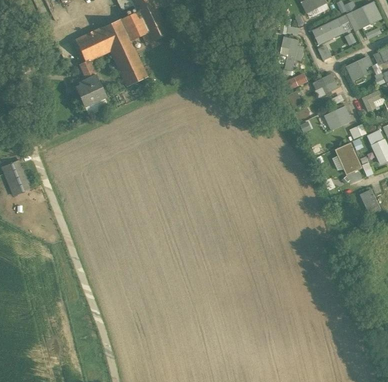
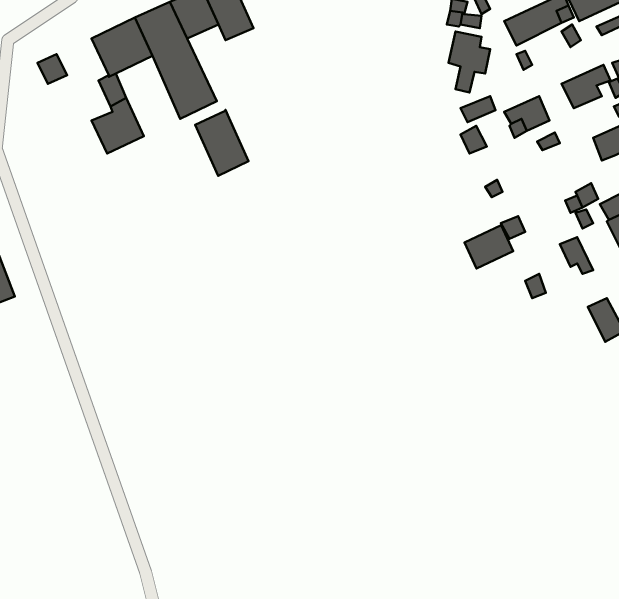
building: none -> [195,110,248,176]
building: [324,105,352,130] -> [464,225,513,269]

